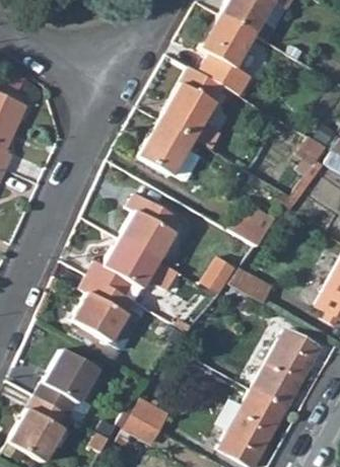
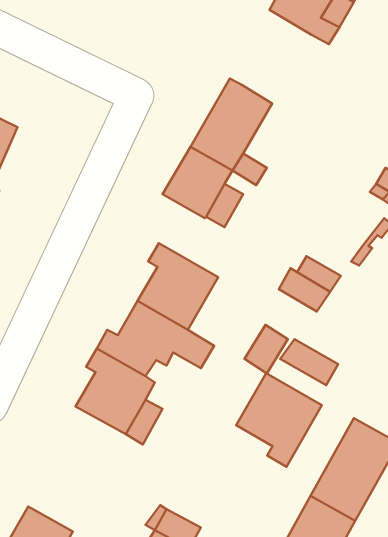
building: [199,15,253,96] -> none
building: none -> [236,373,322,467]
building: [35,349,96,416] -> none

